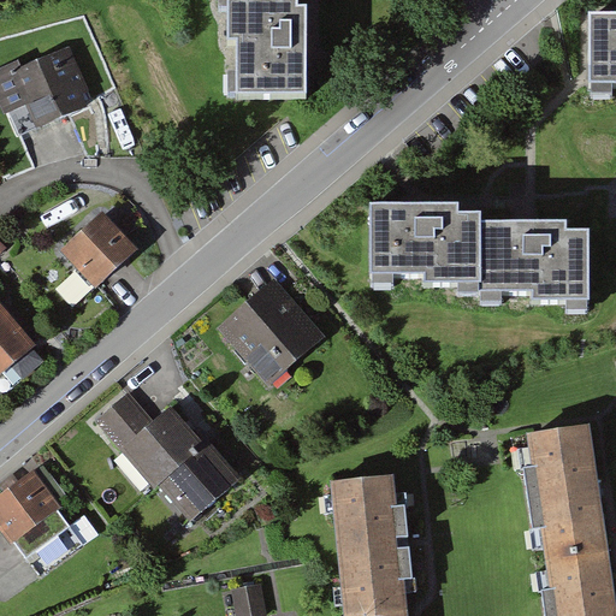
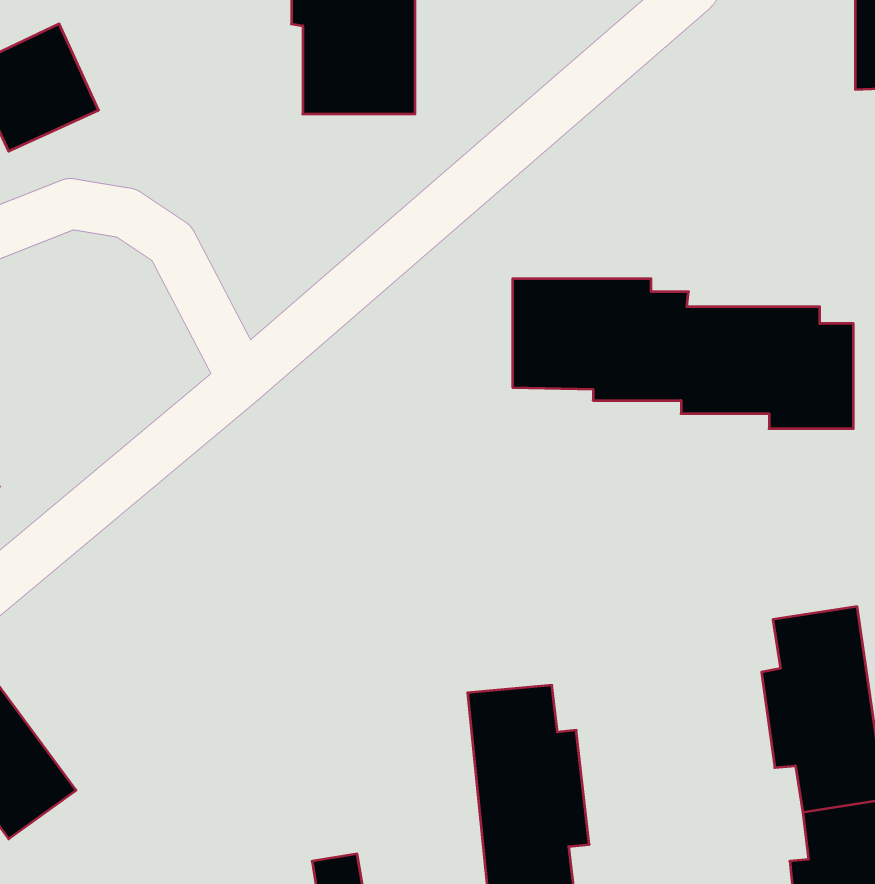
building: [63,211,138,286] -> none
building: [219,274,327,381] -> none
building: [103,391,243,521] -> none

